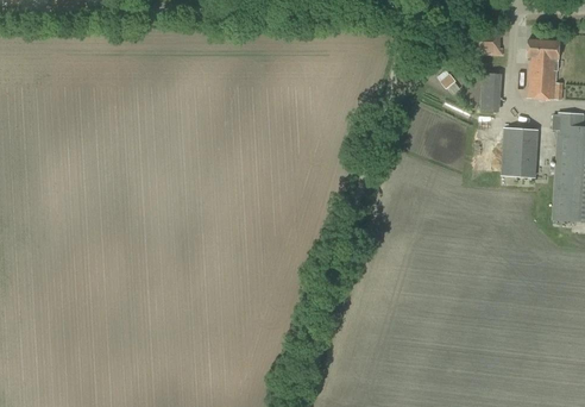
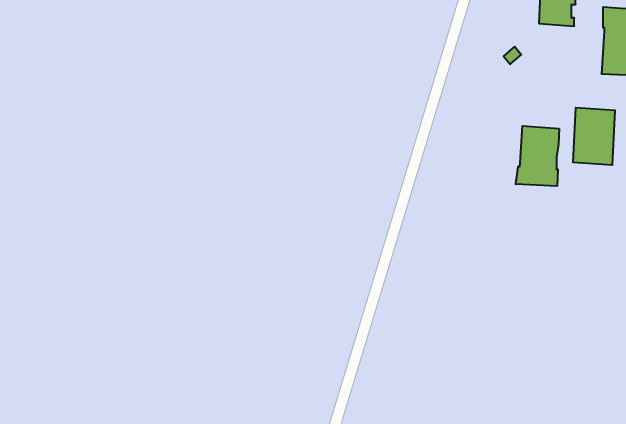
building: [480,71,502,111] -> none
building: none -> [516,126,559,186]

